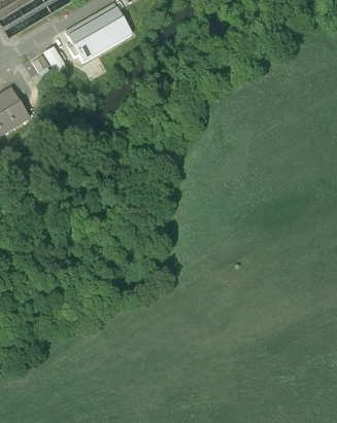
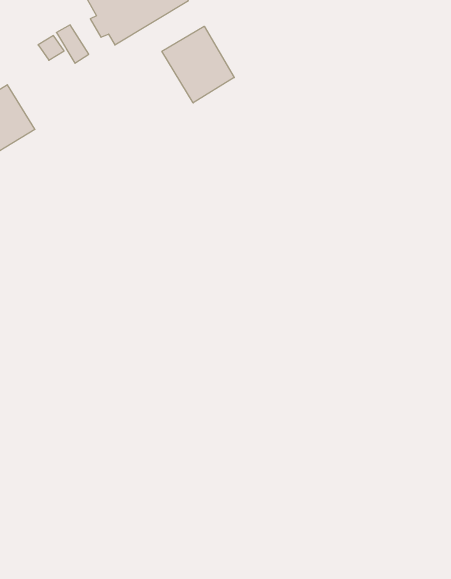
building: none -> [162,26,234,103]

